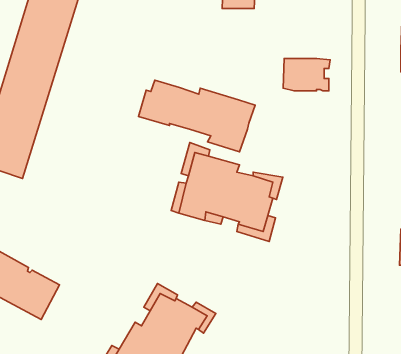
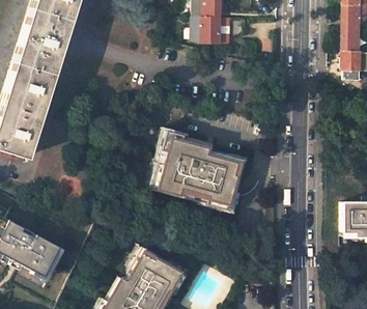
building: [283,59,330,91] -> [192,17,231,44]
building: [139,80,255,152] -> none

